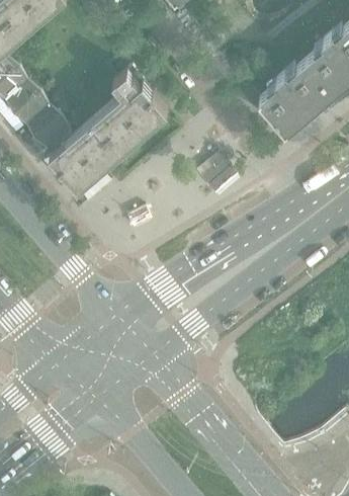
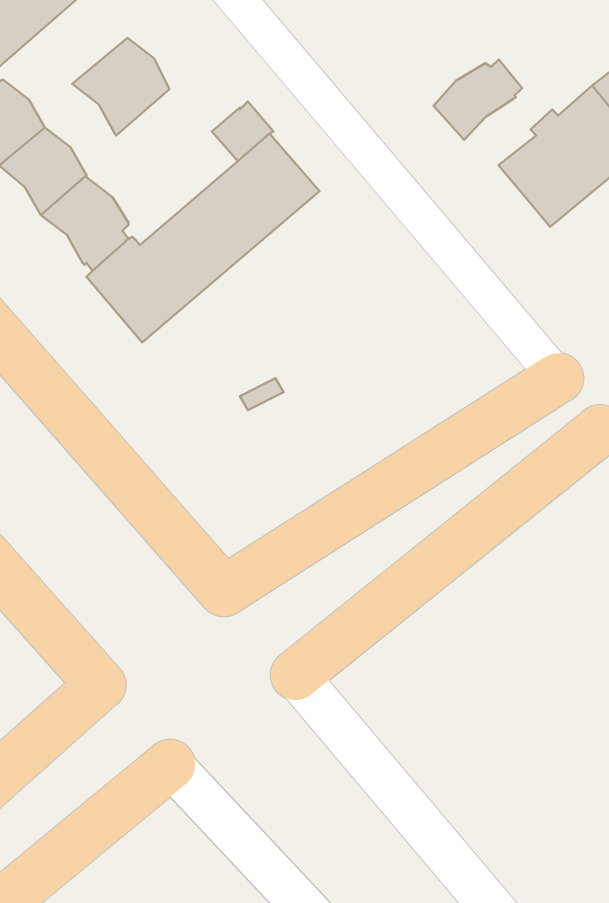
building: none -> [72,38,169,135]
building: none -> [434,60,522,140]
building: [196,152,236,192] -> none

